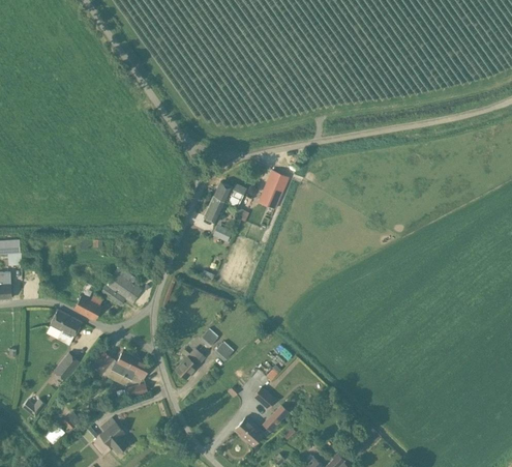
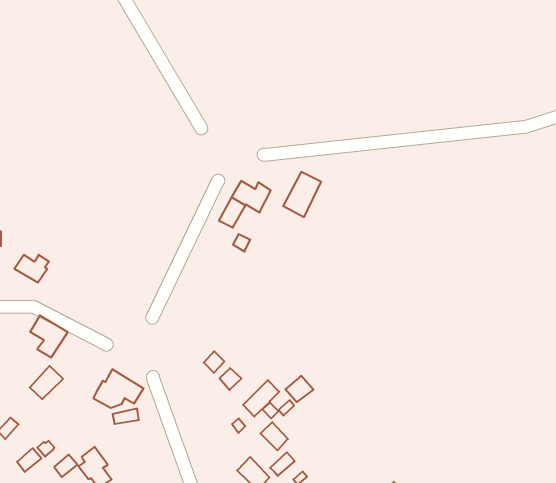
building: [100,265,142,305] -> none
building: [73,294,102,318] -> [14,255,49,283]
building: [175,347,205,379] -> [243,380,279,417]

